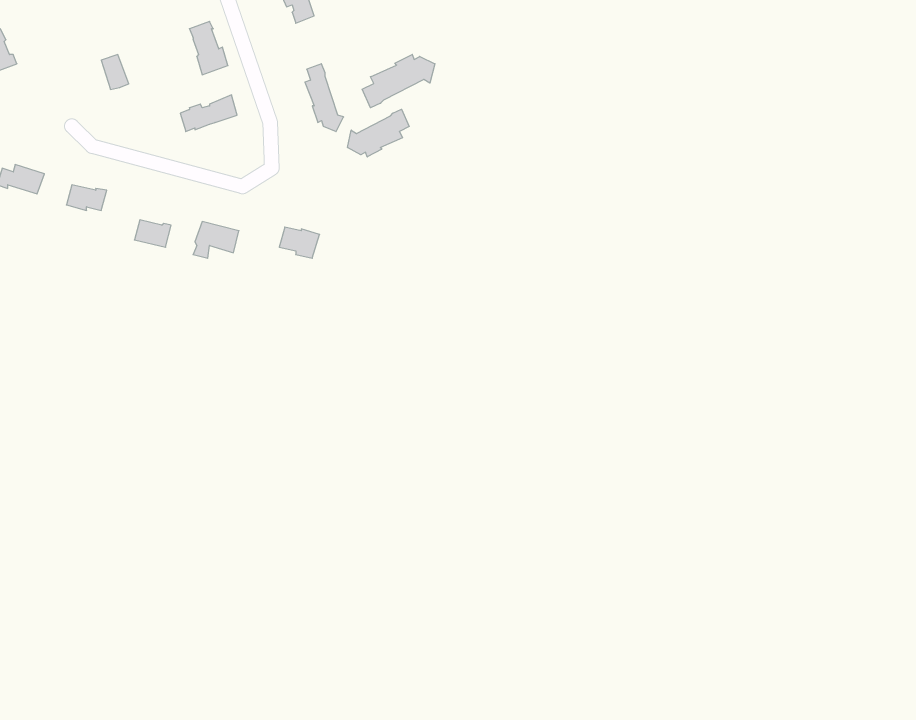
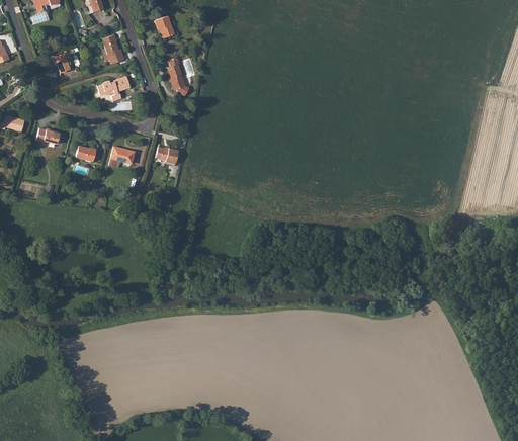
building: [362,54,435,108] -> none
building: [348,109,409,157] -> none

